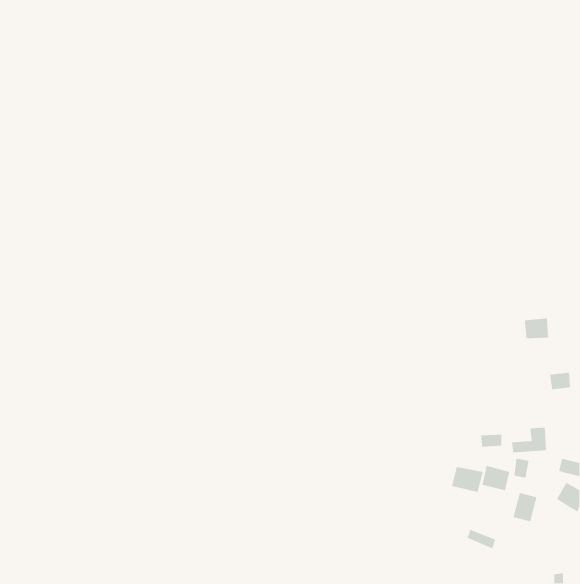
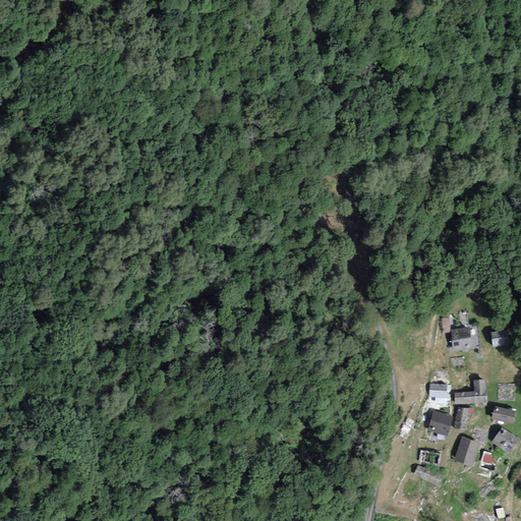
building: [524,318,549,339] -> [449,327,471,346]
building: [451,466,484,493] -> none

